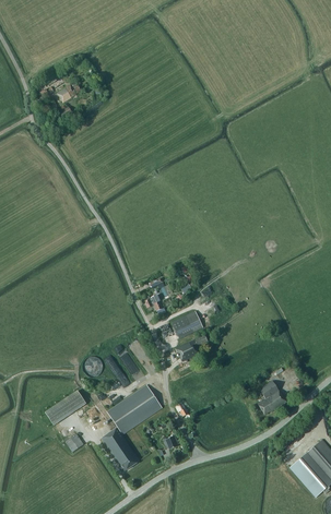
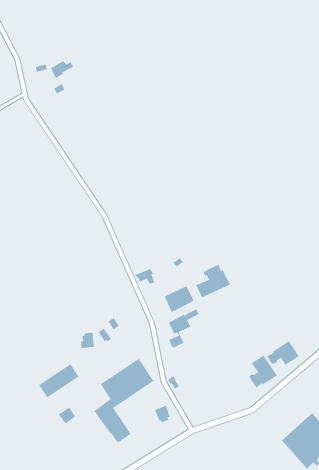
building: none -> [196,264,231,298]
building: none -> [267,340,299,366]

